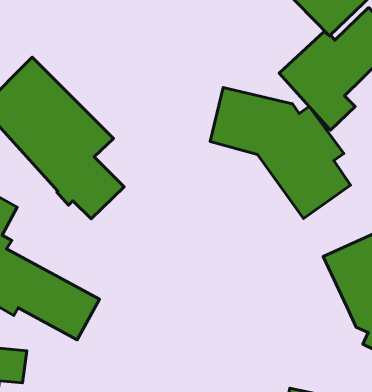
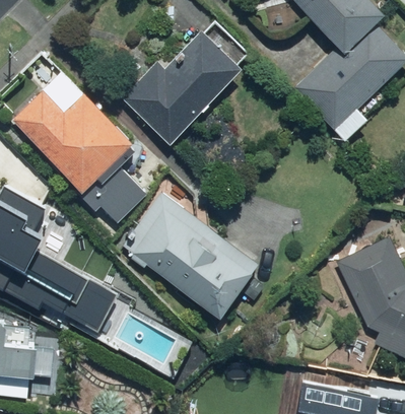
building: none -> [123,28,241,143]
building: [210,87,351,218] -> none
building: none -> [123,192,259,317]

